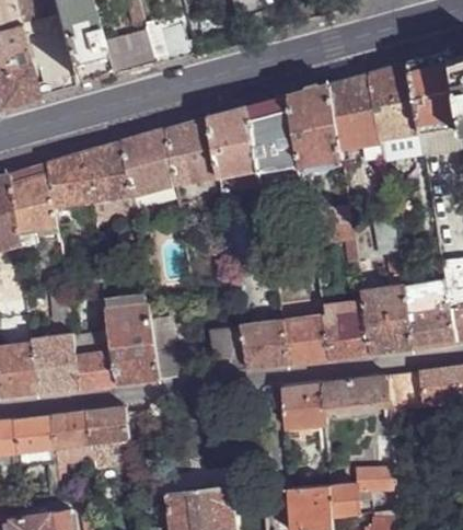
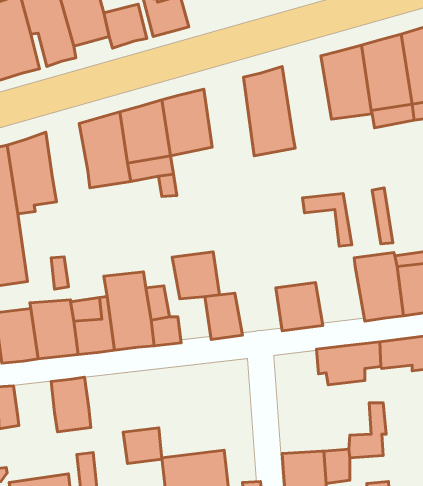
building: [288,83,339,164] -> none
building: [208,105,261,196] -> none
building: [47,152,90,206] -> none
building: [321,298,372,358] -> none
building: [240,320,288,368] -> [172,252,220,299]
building: [281,382,326,427] -> none
building: [86,406,126,442] -> [123,428,162,463]
building: [14,415,56,451] -> none

